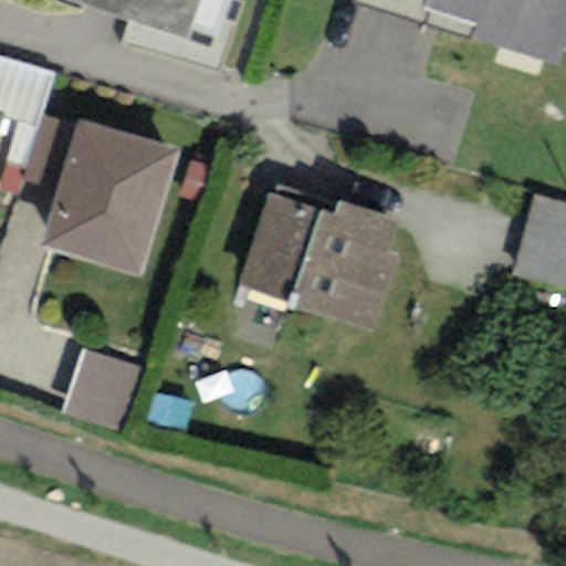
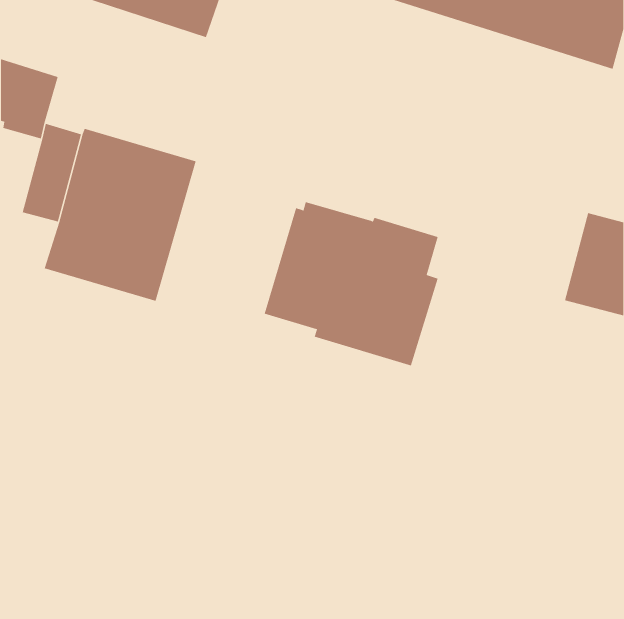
building: [60,345,143,429] -> none

